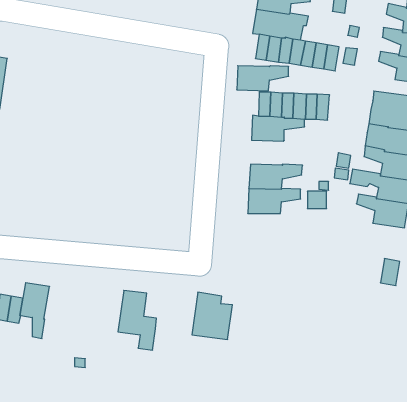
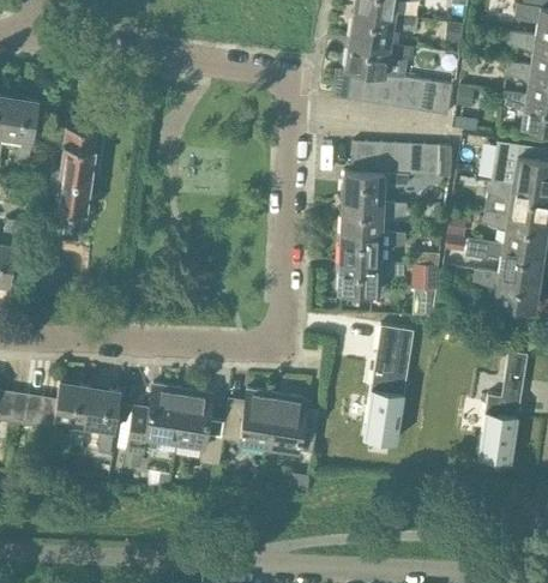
building: [237,66,289,91] -> [342,204,407,235]
building: none -> [52,130,98,222]
building: none -> [362,327,412,444]
building: none -> [84,386,121,455]
building: none -> [122,386,183,470]
building: none -> [223,390,276,446]
building: none -> [478,396,520,463]

